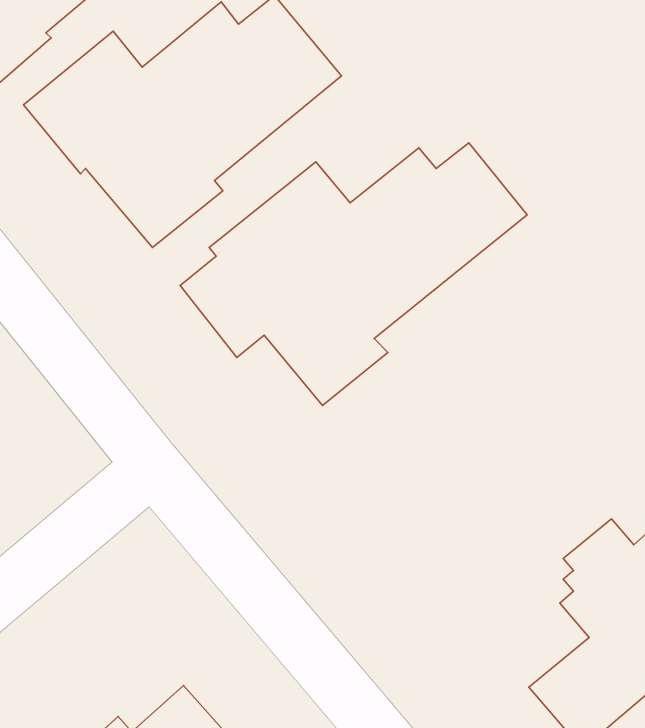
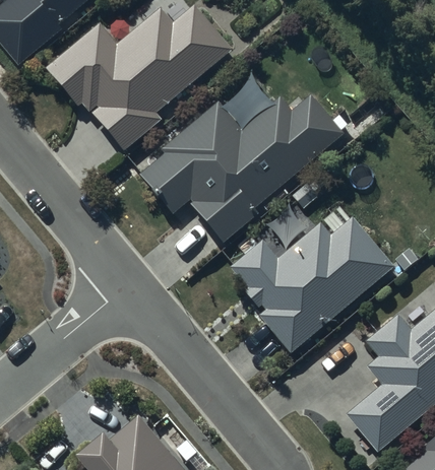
building: none -> [229,215,397,352]

